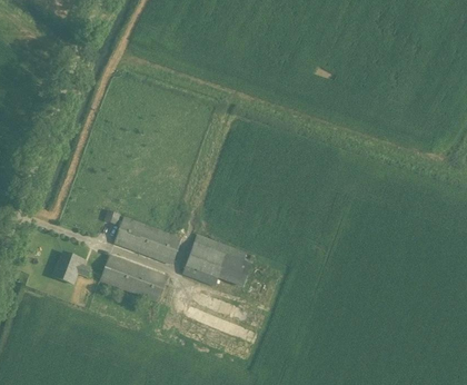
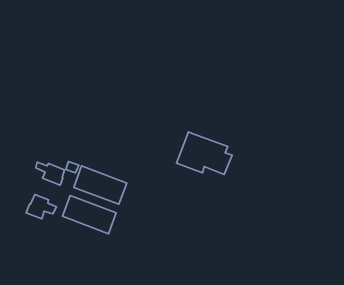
building: none -> [36,162,64,185]
building: [181,233,252,287] -> [176,132,232,174]

